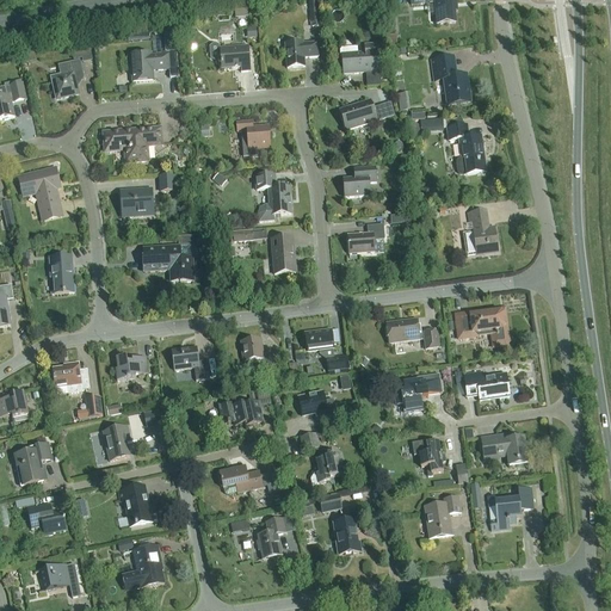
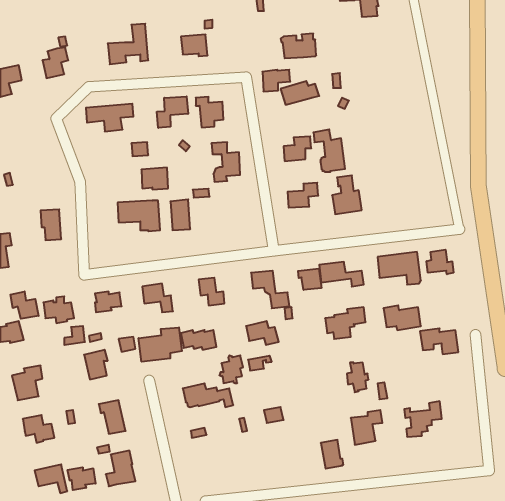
building: [285,38,319,64] -> [262,70,290,91]
building: [433,55,470,101] -> none
building: none -> [157,96,188,128]
building: [448,122,486,173] -> [313,129,345,172]
building: [19,167,61,218] -> none
building: [121,186,153,212] -> [141,168,168,189]
building: [462,206,498,253] -> [332,175,362,214]
building: [271,234,295,271] -> [170,199,190,230]
building: none -> [427,250,453,274]
building: none -> [298,269,321,290]
building: none -> [10,291,39,319]
building: none -> [139,327,182,362]
building: [481,432,527,463] -> [420,328,458,354]
building: [311,449,340,482] -> [219,355,243,383]
building: [257,516,285,557] -> none
building: [333,517,360,551] -> [321,440,343,469]
building: none -> [68,467,96,490]

